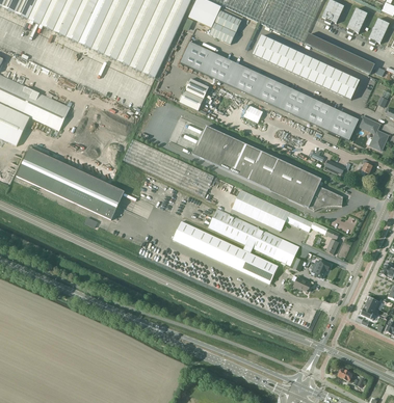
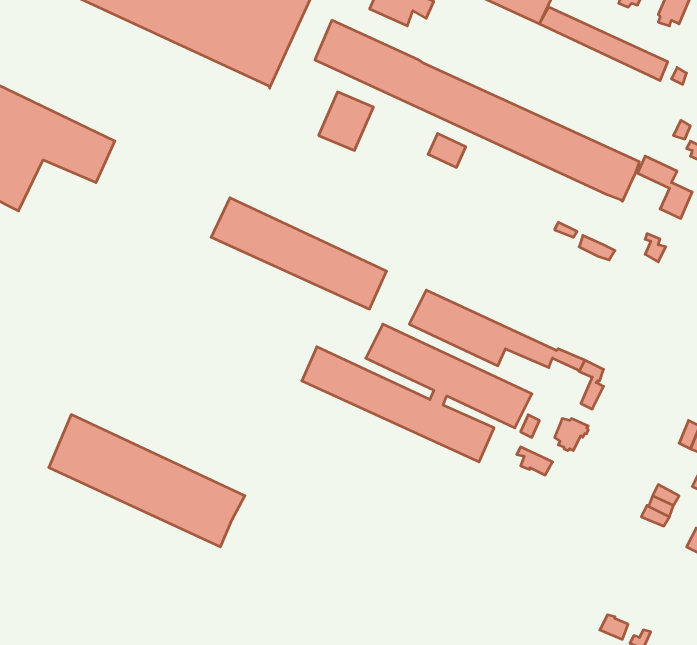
building: [253,34,360,99] -> none
building: [192,125,342,211] -> none
building: [17,146,125,219] -> [49,415,245,547]

